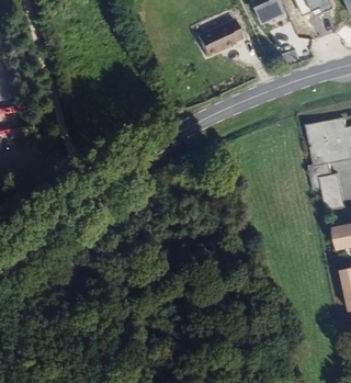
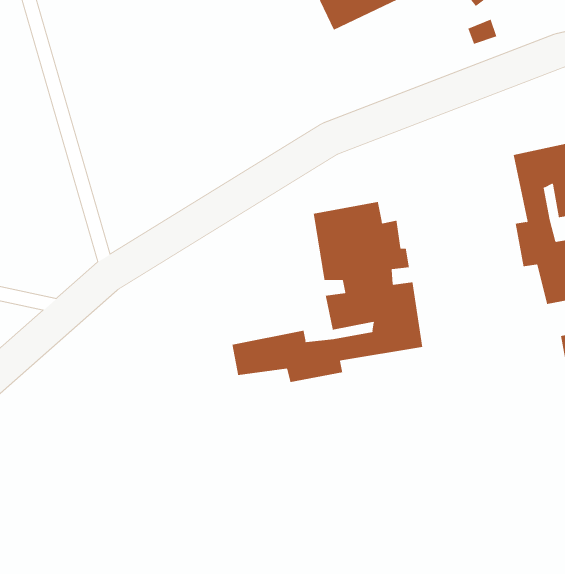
building: none -> [232,201,423,383]

